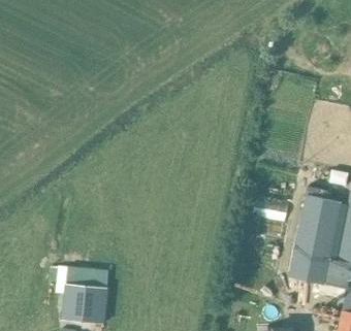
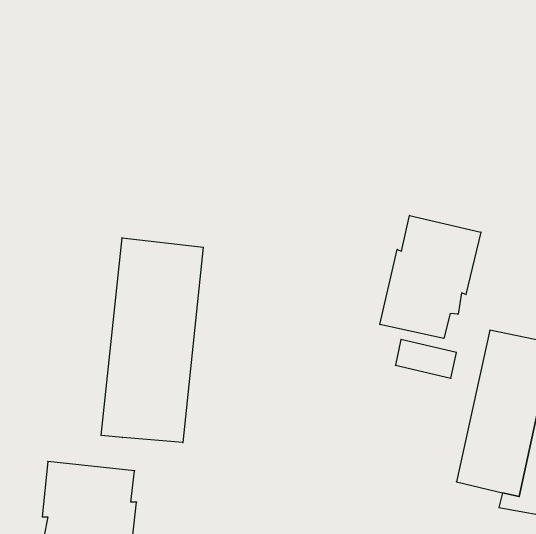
building: none -> [380,215,481,338]
building: none -> [101,238,203,443]

